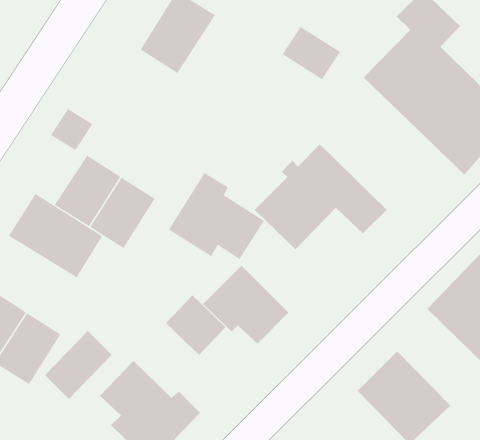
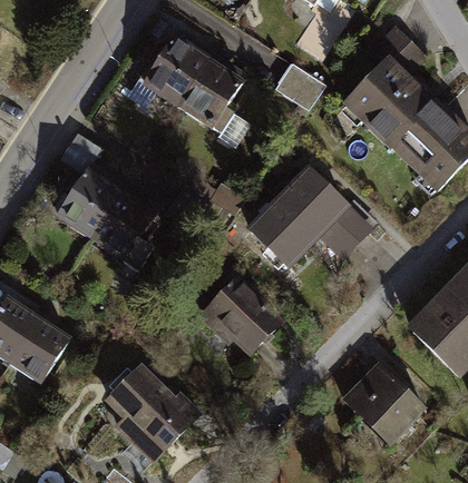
building: none -> [177,50,245,144]
building: [168,172,265,260] -> none
building: [8,193,103,278] -> none
building: [165,294,226,356] -> none
building: [44,330,113,400] -> none

